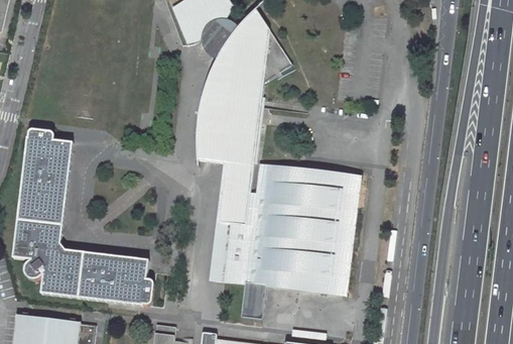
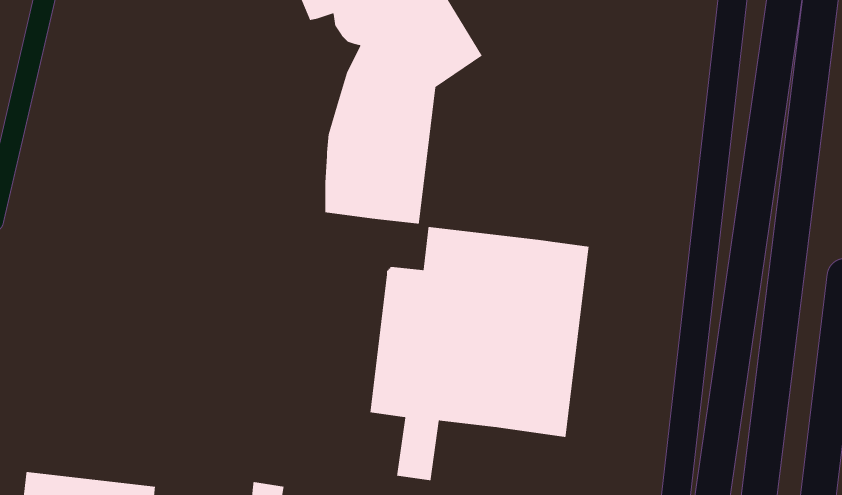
building: [12,128,153,304] -> none
building: [212,161,259,278] -> none

